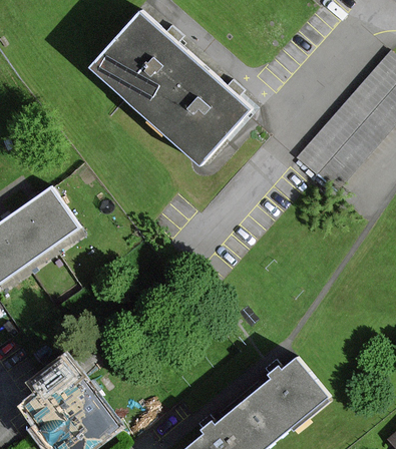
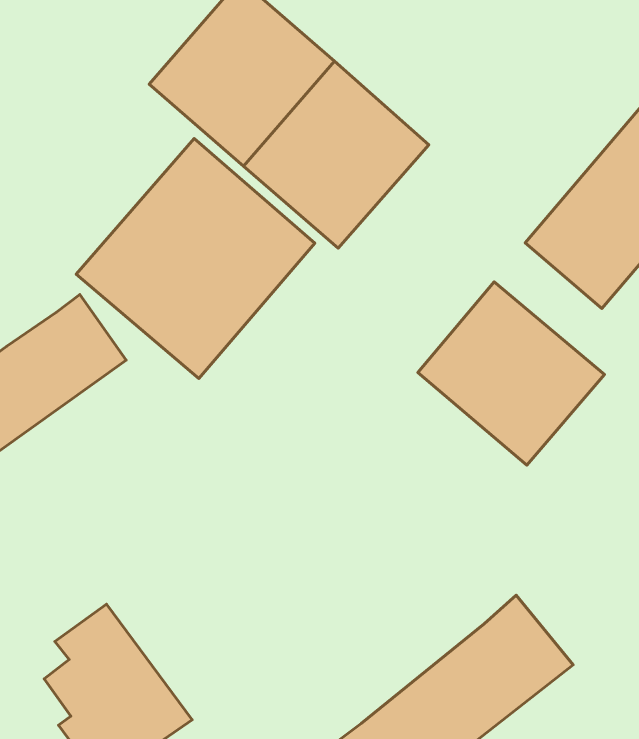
building: none -> [76,139,315,378]
building: none -> [418,282,605,465]

